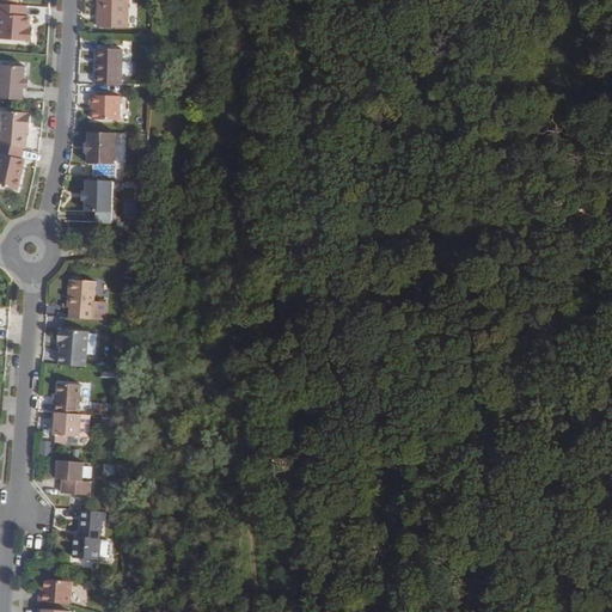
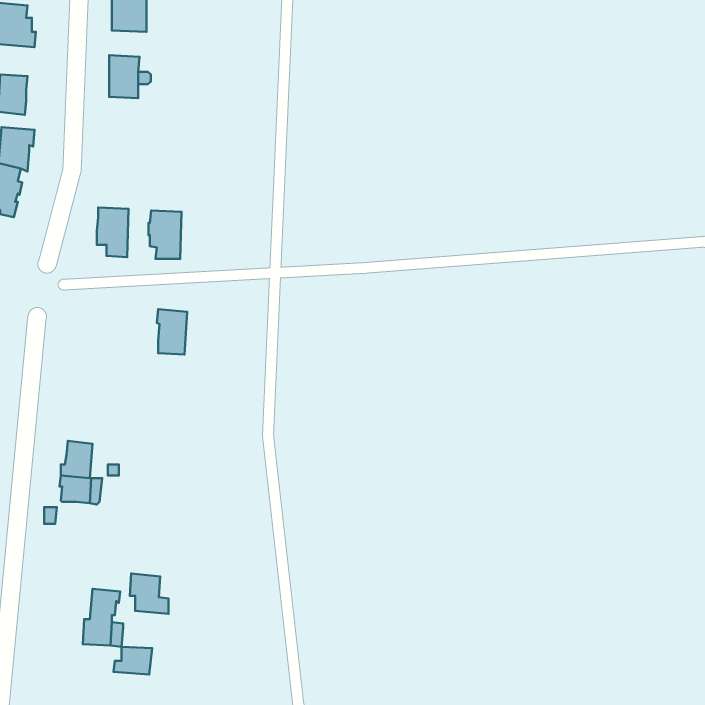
building: [88,94,118,120] -> none
building: [85,131,114,173] -> [148,210,182,259]
building: [67,279,93,318] -> [157,309,187,355]
building: [57,329,87,366] -> none
building: [56,459,90,494] -> [130,574,168,614]
building: [37,579,71,602] -> [113,647,152,675]

